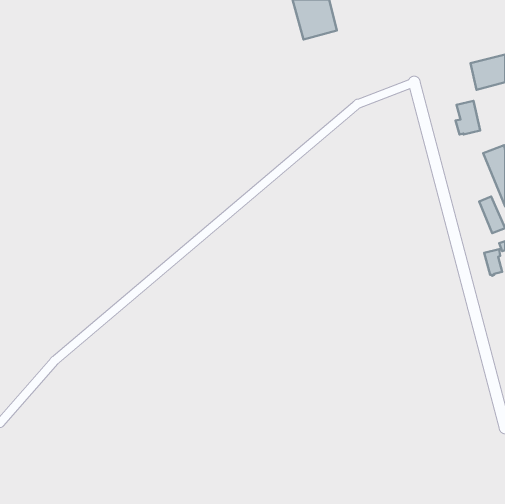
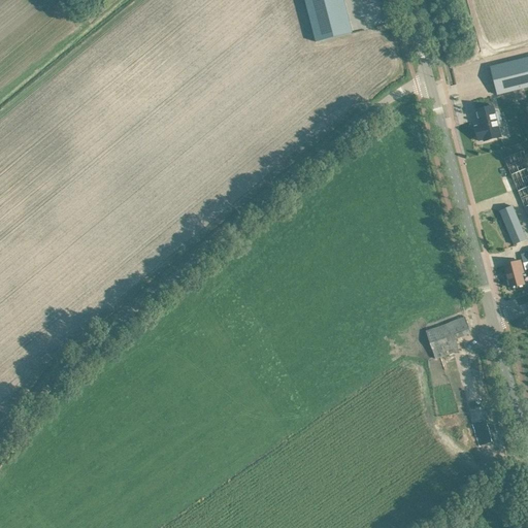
building: none -> [427,317,471,358]

